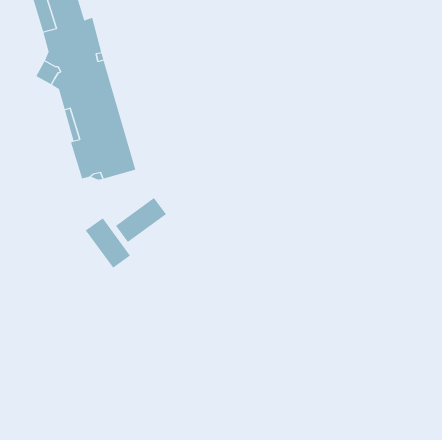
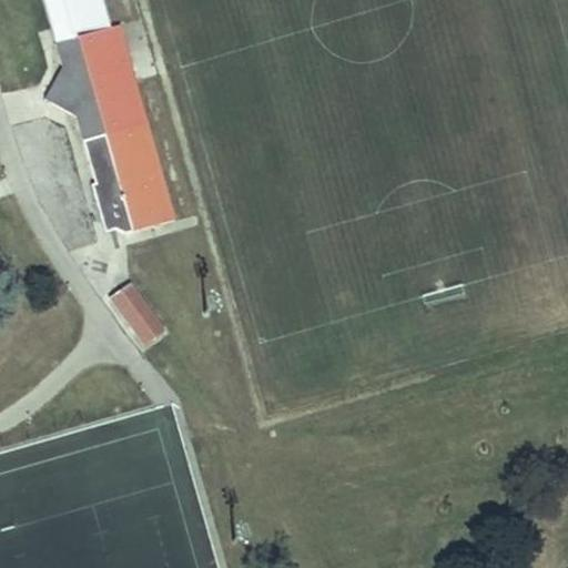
building: [115,197,167,243] -> none

